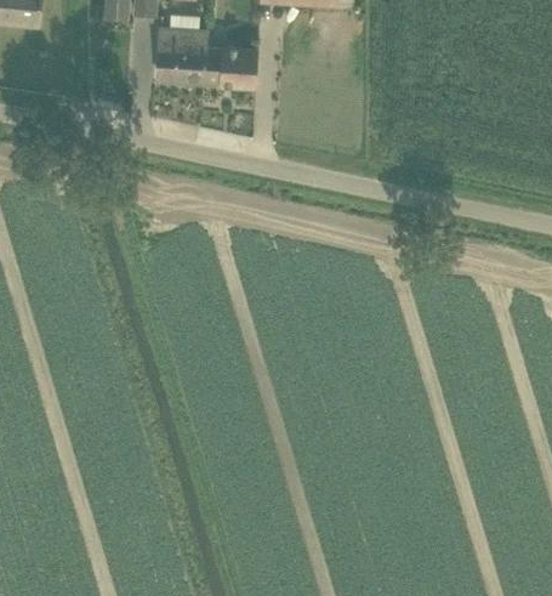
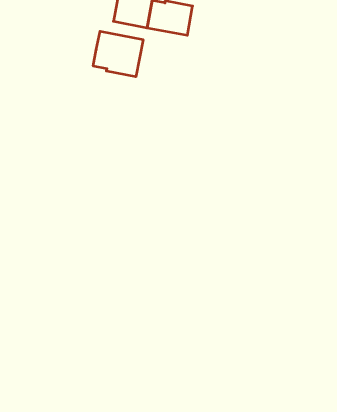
building: none -> [93,31,143,77]

